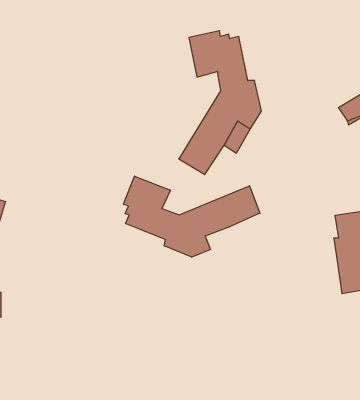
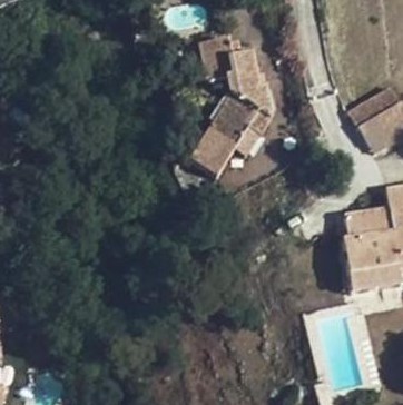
building: [123,176,260,257] -> none

